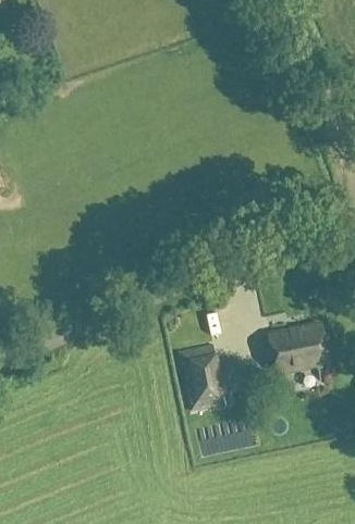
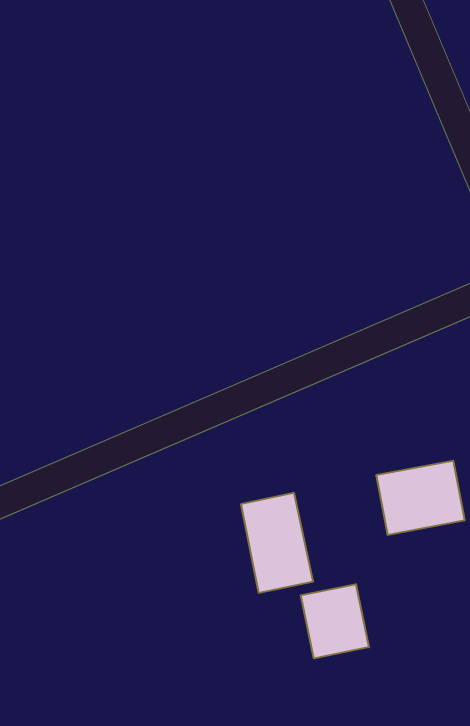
building: none -> [301,584,369,658]

